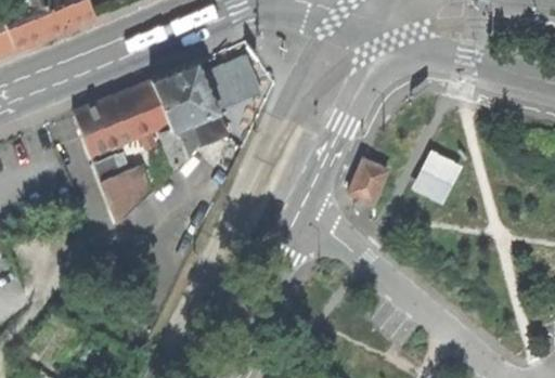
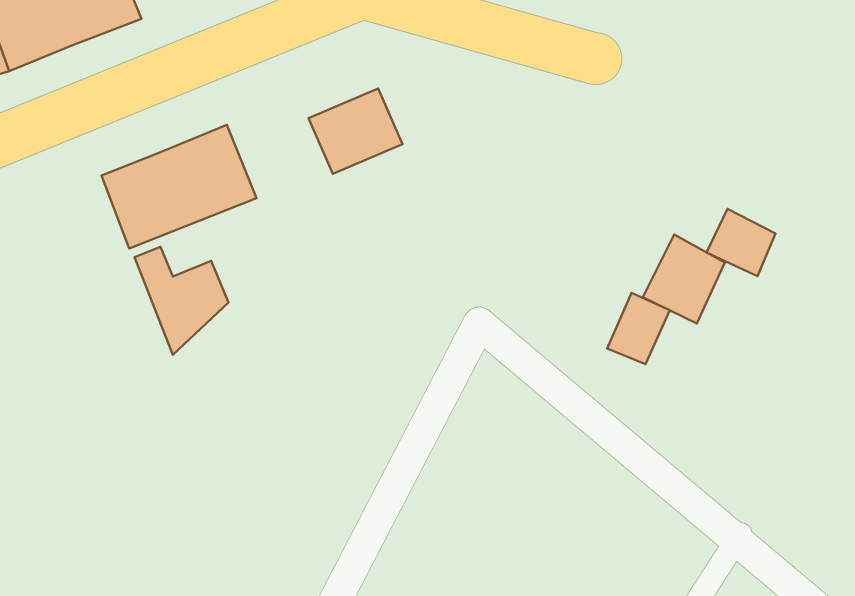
building: [152,62,227,168] -> none
building: none -> [706,209,775,276]
building: [349,159,388,204] -> [607,293,670,364]

